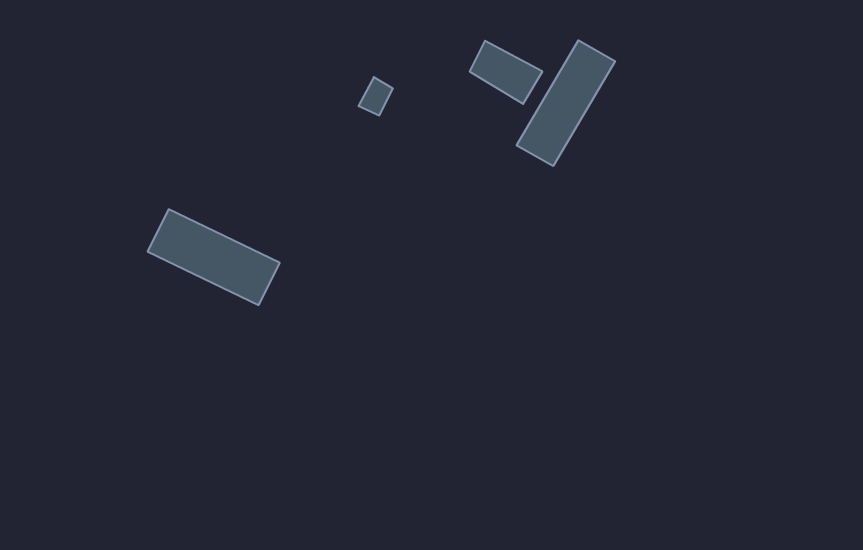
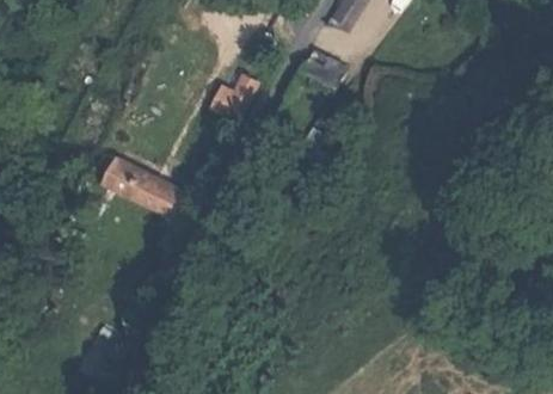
building: [517,40,615,166] -> none

